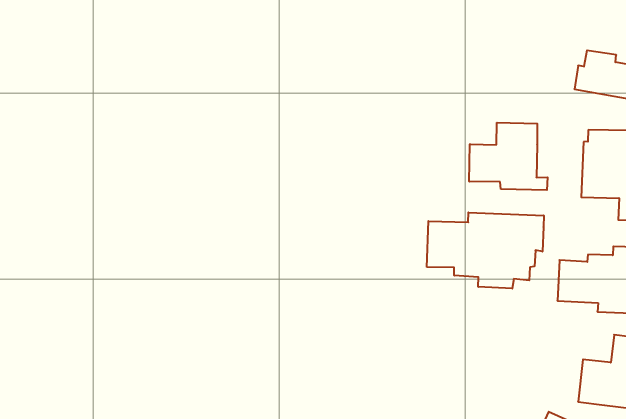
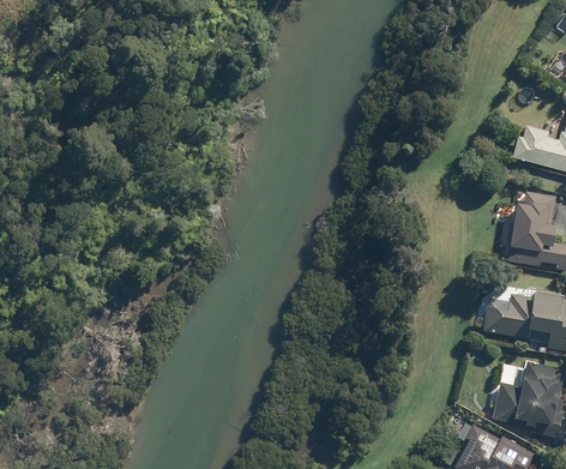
building: [469,123,548,190] -> none
building: [427,212,544,289] -> none

